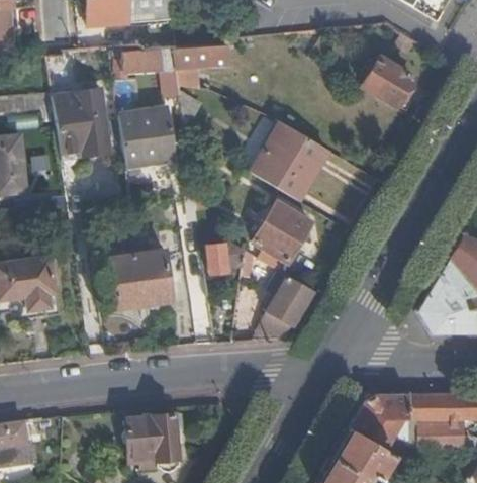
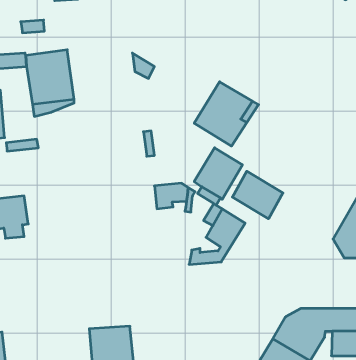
building: [173,44,239,71] -> none
building: [116,45,161,70] -> none
building: [364,60,413,106] -> none
building: [118,107,176,163] -> none
building: none -> [232,171,283,219]
building: [109,237,172,307] -> none

